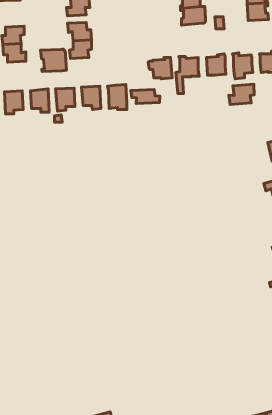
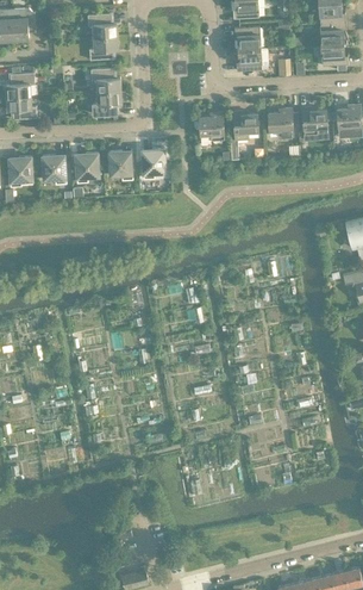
building: [40,49,66,72] -> none
building: [229,84,254,105] -> none
building: [131,89,160,104] -> none

